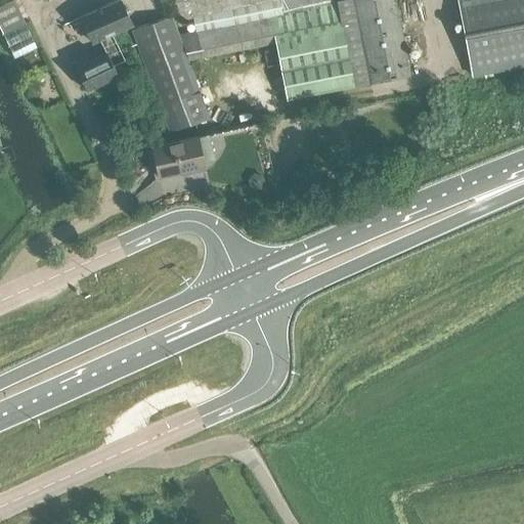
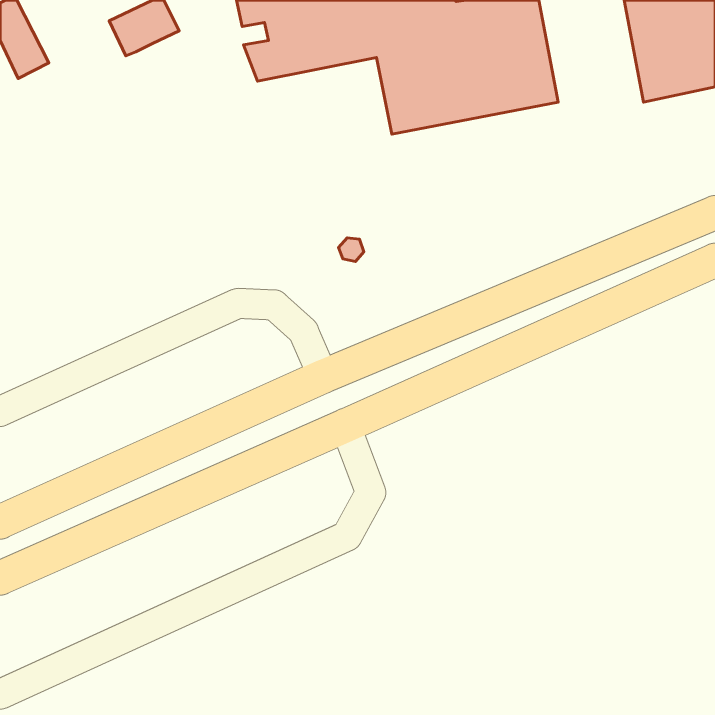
building: [132,14,209,131] -> none
building: [75,32,124,89] -> none
building: [152,135,205,177] -> none

